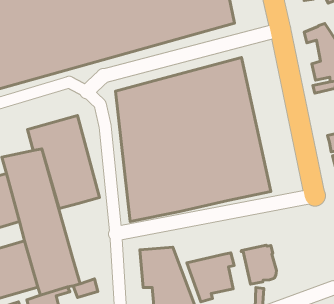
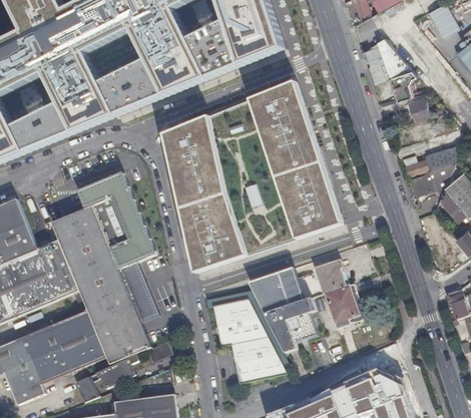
building: none -> [119,262,159,322]
building: none -> [312,258,347,292]
building: none -> [248,266,303,312]

